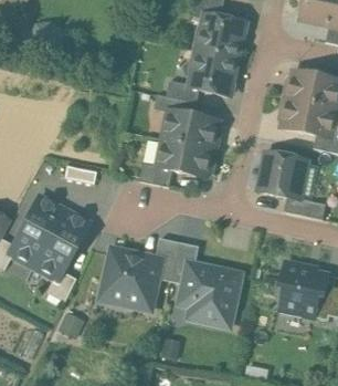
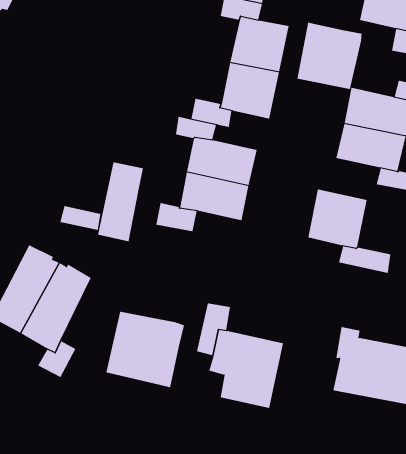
building: none -> [297,22,362,90]
building: none -> [98,162,143,242]
building: [156,238,180,281] -> none

